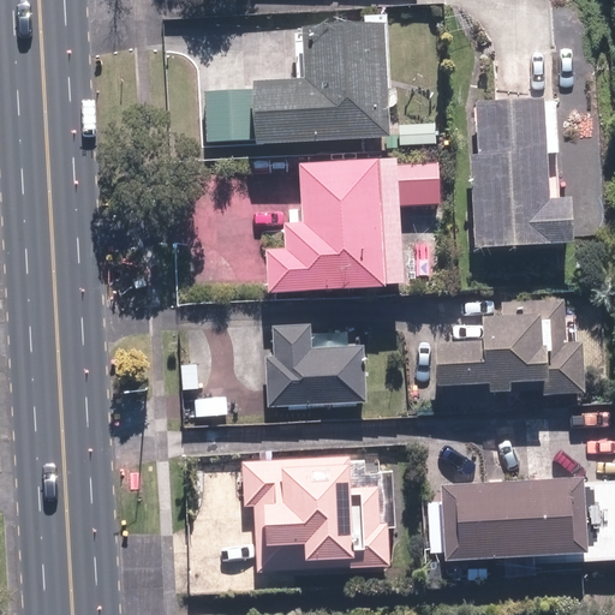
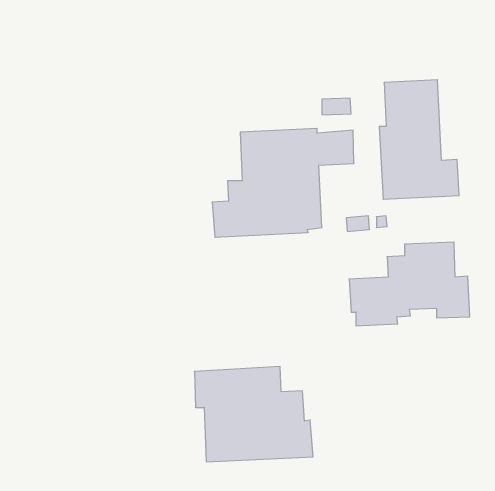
building: [207,23,388,144] -> none
building: [267,323,365,406] -> none
building: [441,477,584,560] -> none

